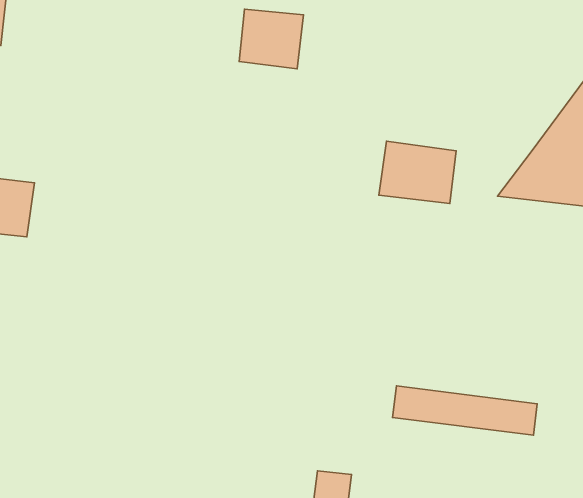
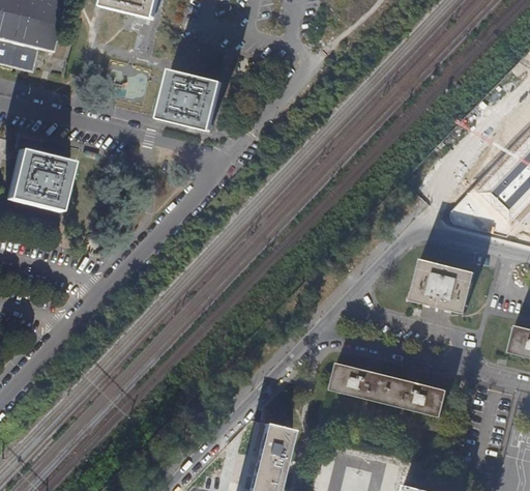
building: [239,9,303,69] -> [163,75,218,127]
building: [379,141,456,203] -> [409,258,475,314]

